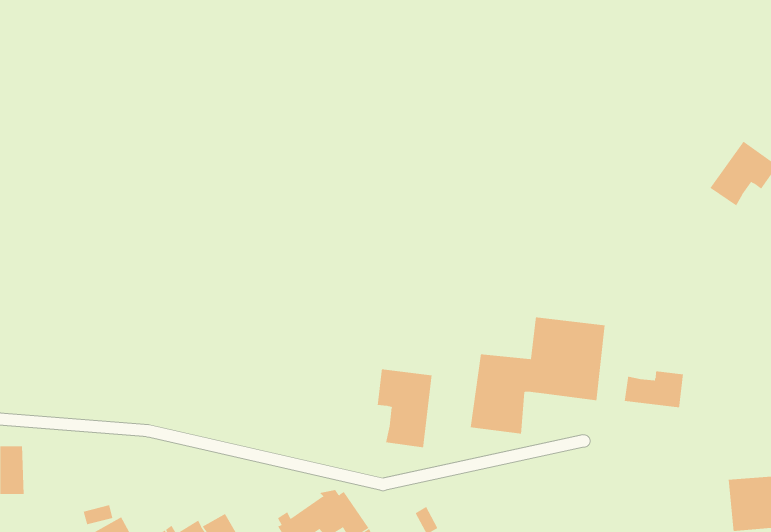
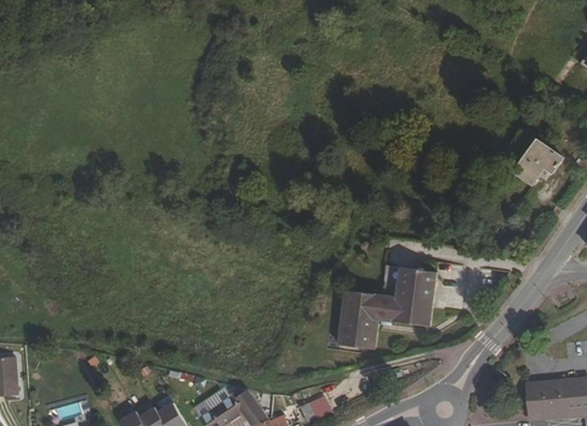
building: [377,369,432,448] -> none
building: [624,370,683,408] -> none

